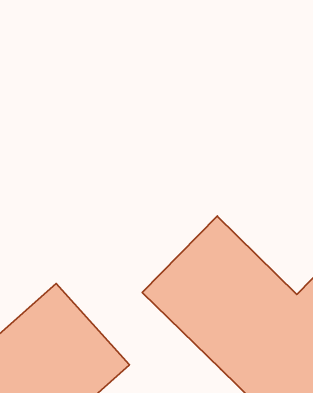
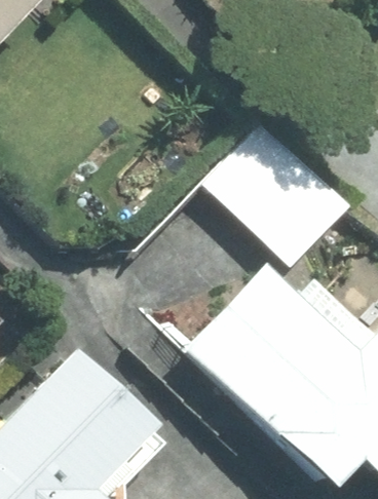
building: none -> [206,125,351,268]

